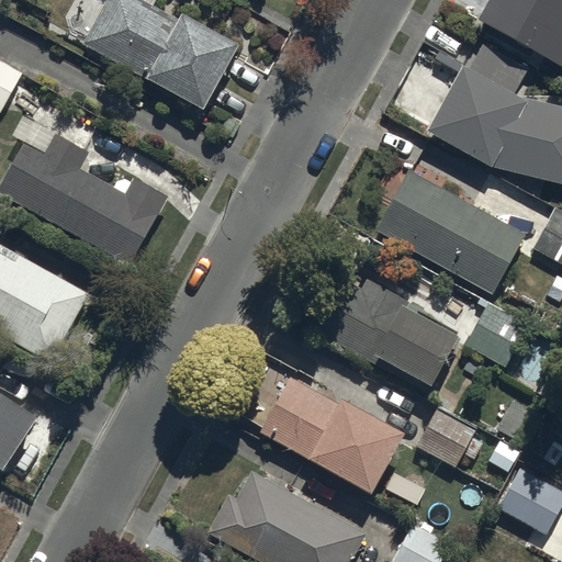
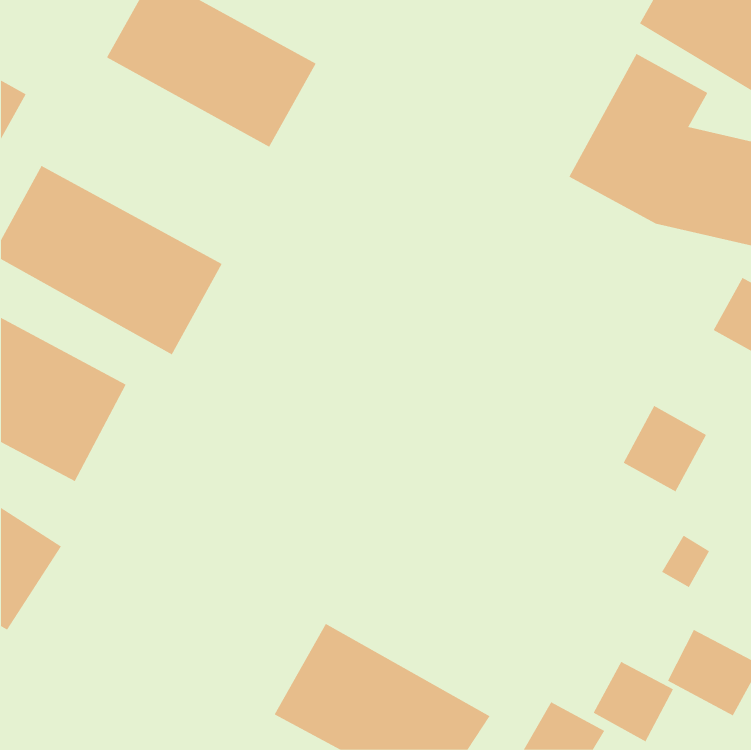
building: [374,167,527,293] -> none
building: [297,262,459,390] -> none
building: [258,375,402,495] -> none
building: [416,408,476,469] -> [593,661,674,742]

